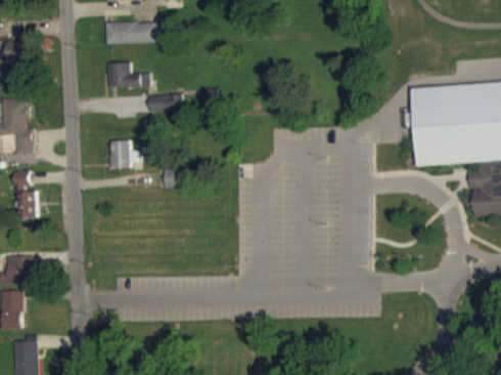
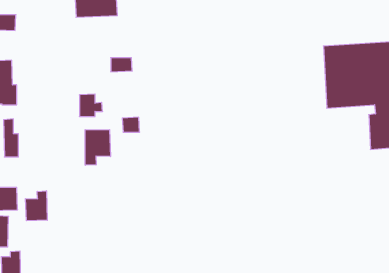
building: [108,64,150,88] -> none
building: none -> [85,130,110,165]
building: none -> [25,191,47,221]

